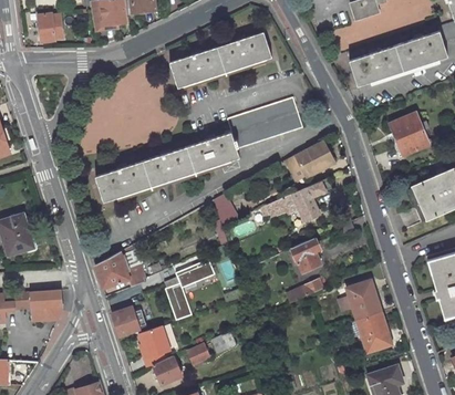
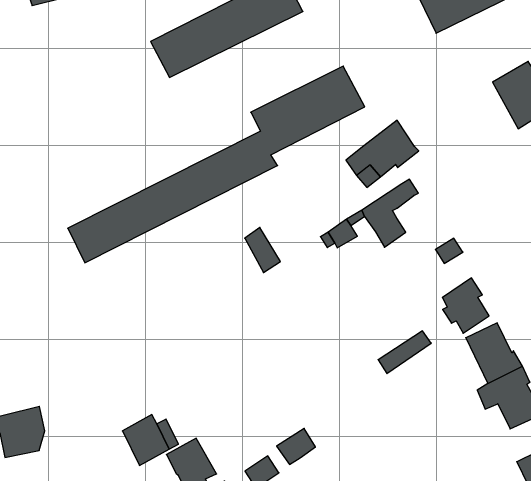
building: [291,237,321,272] -> [442,278,489,333]
building: [95,251,146,288] -> none
building: [165,262,217,321] -> none

